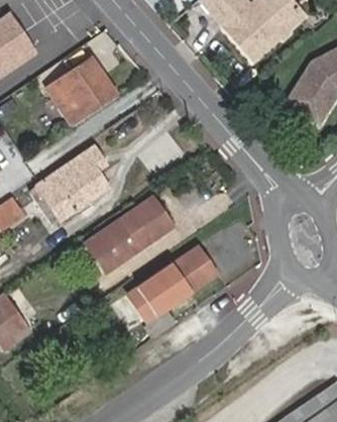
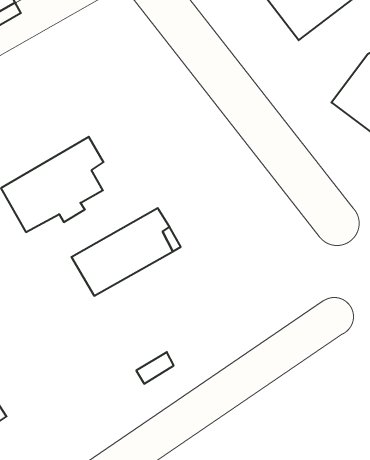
building: [48,58,117,123] -> none
building: [129,245,217,321] -> none

